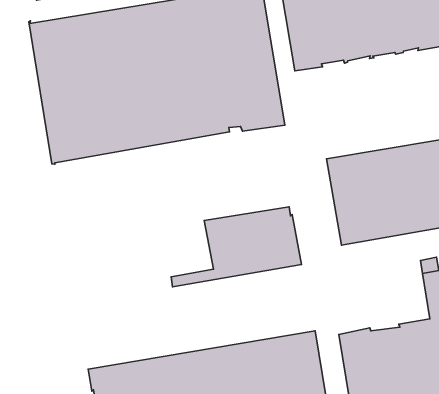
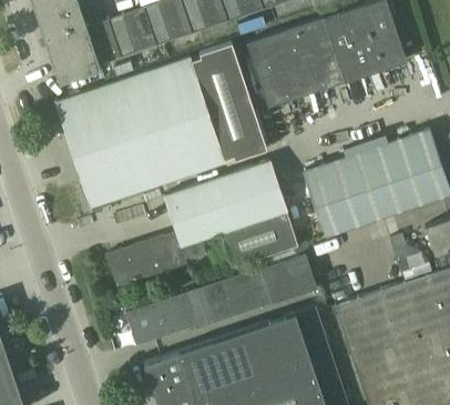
building: none -> [106,161,286,284]
building: none -> [125,254,316,344]

